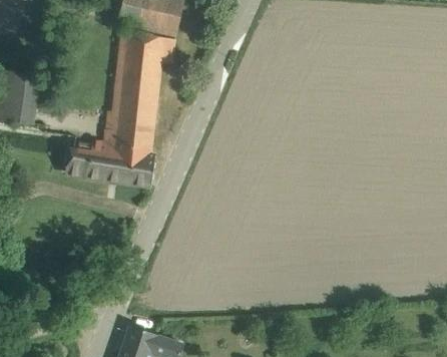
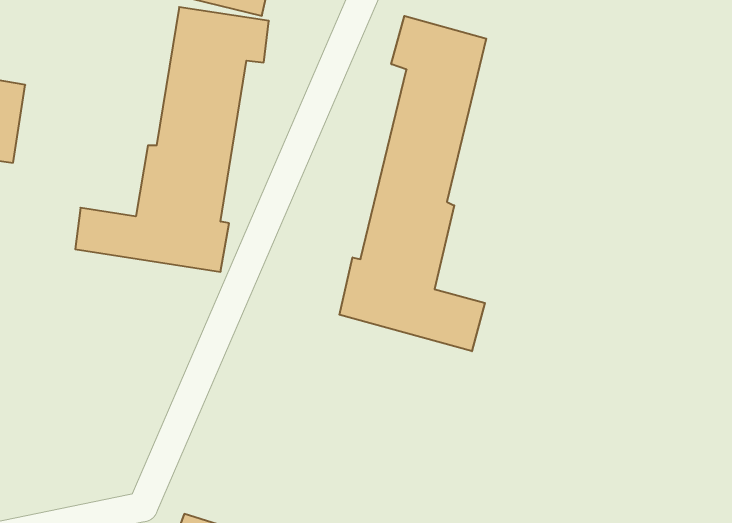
building: none -> [339,16,486,351]

